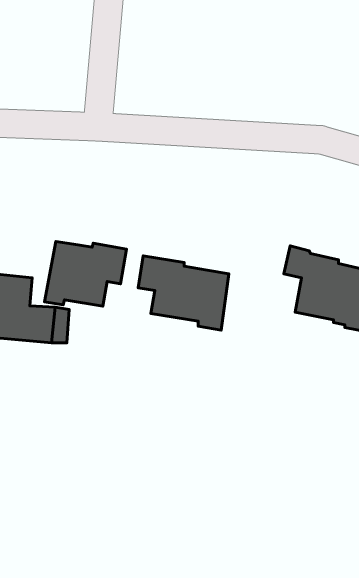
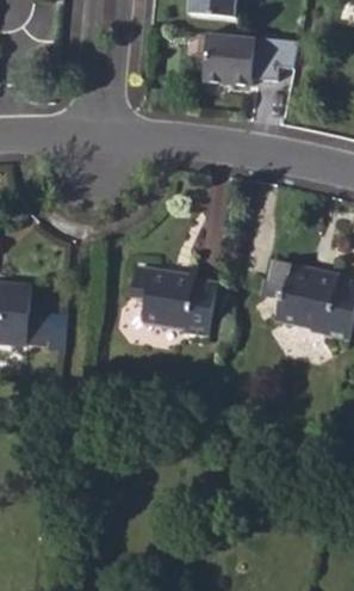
building: none -> [205,36,294,86]
building: [44,241,126,306] -> none

